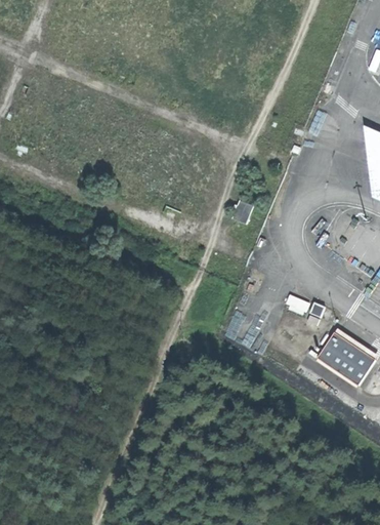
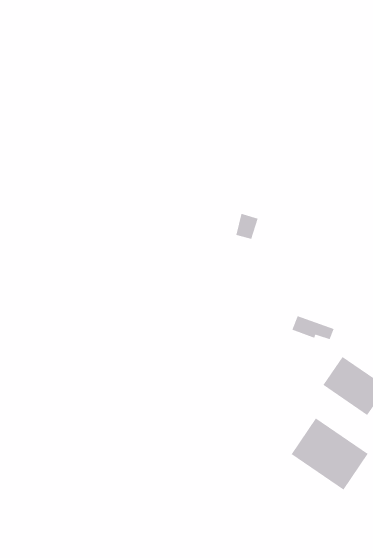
building: none -> [291,417,368,491]

